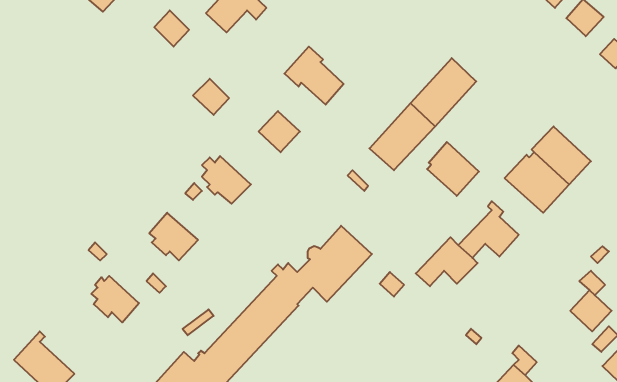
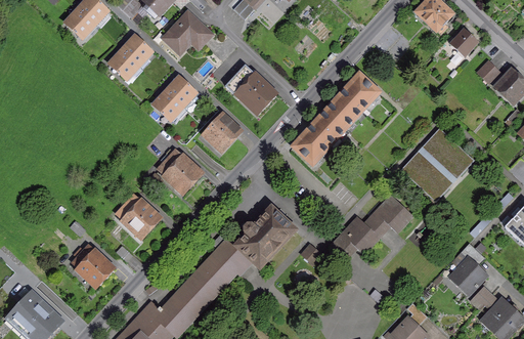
building: none -> [110,50,138,79]
building: none -> [167,78,195,107]
building: [427,142,479,196] -> none

